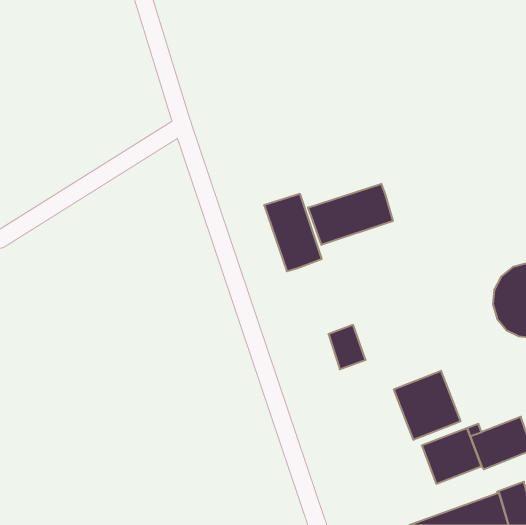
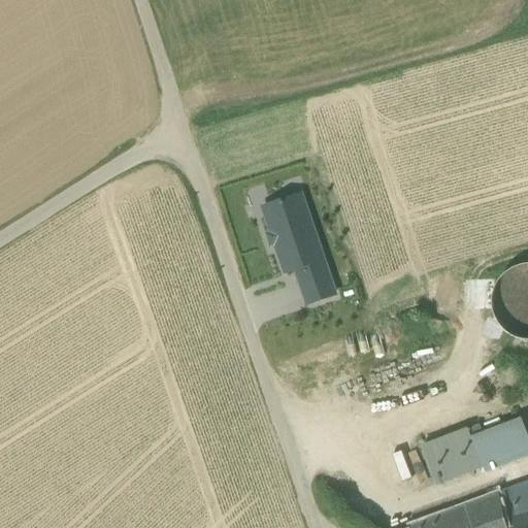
building: [308,184,393,245] -> none
building: [328,325,366,369] -> [298,259,335,303]
building: [394,371,460,440] -> none

